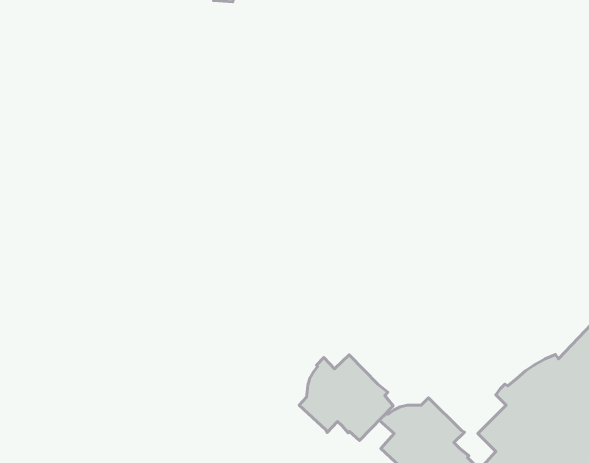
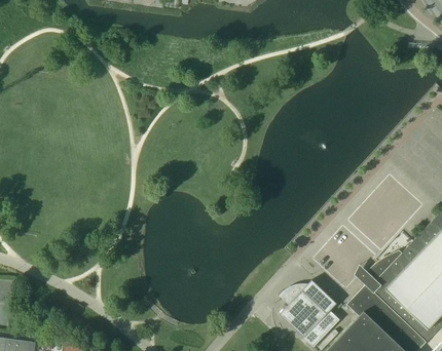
building: [299,355,393,440] -> none

